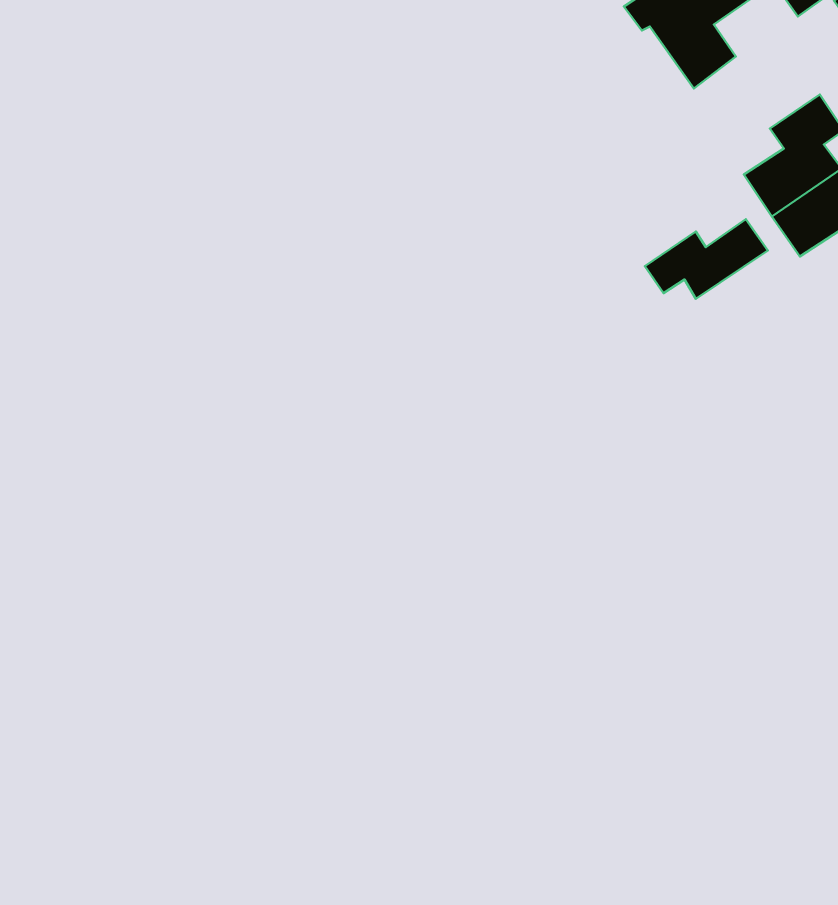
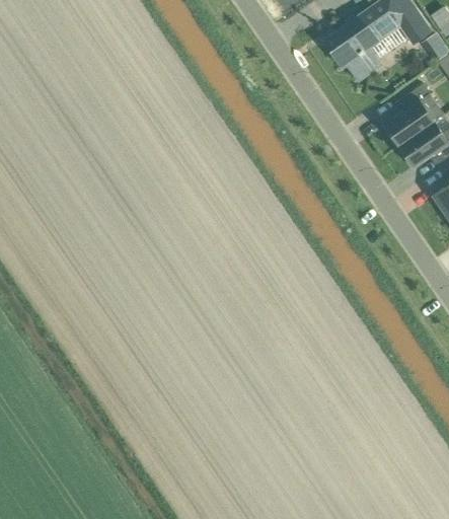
building: [645,219,768,299] -> none

